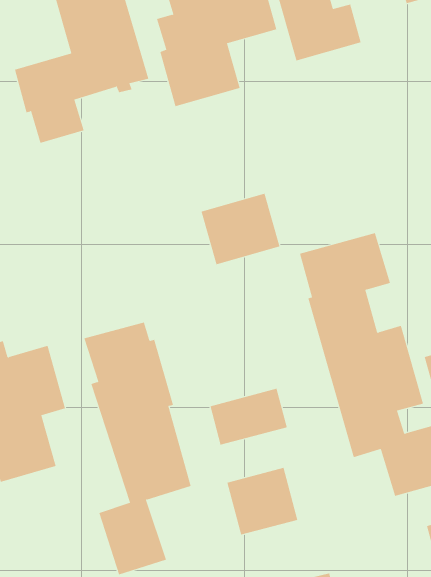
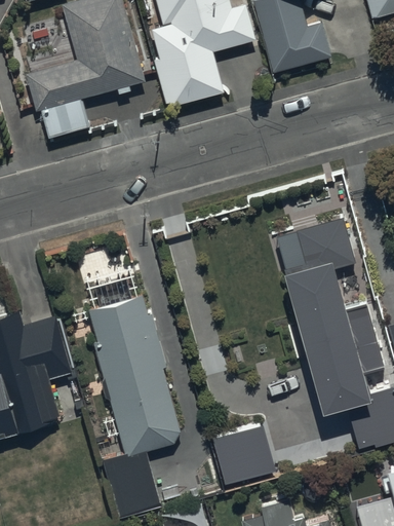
building: [201,193,280,265] -> none
building: [210,388,287,446] -> none

